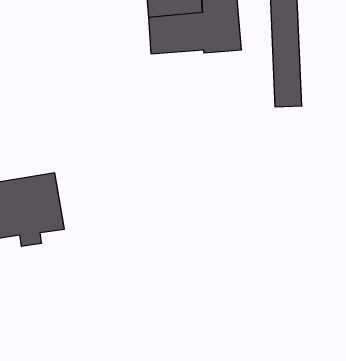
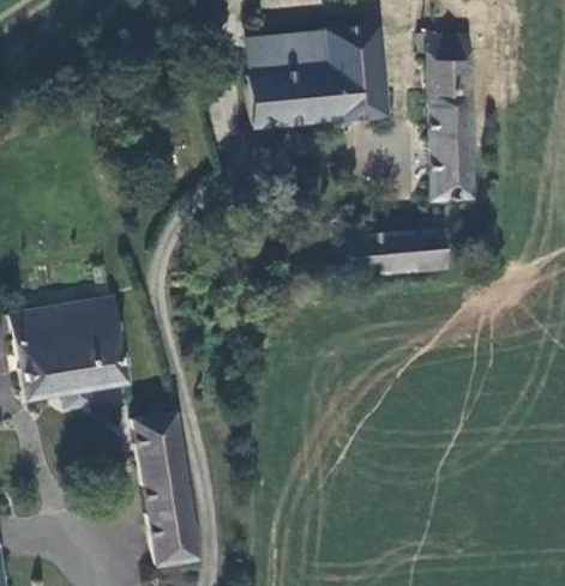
building: none -> [349,231,446,274]
building: none -> [132,417,197,570]

